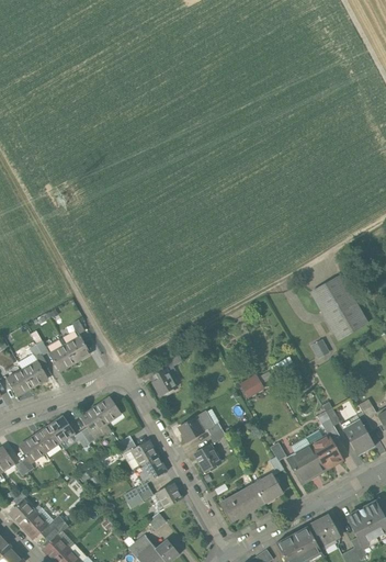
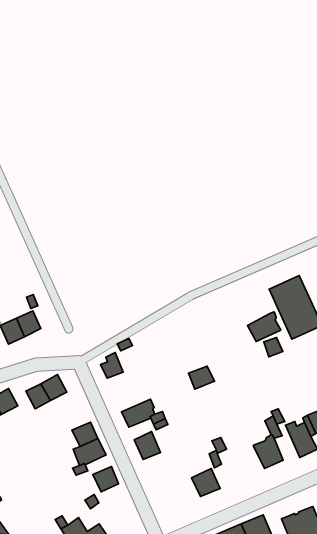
building: none -> [248,312,281,341]
building: [286,448,325,484] -> none
building: [219,485,264,522] -> none

